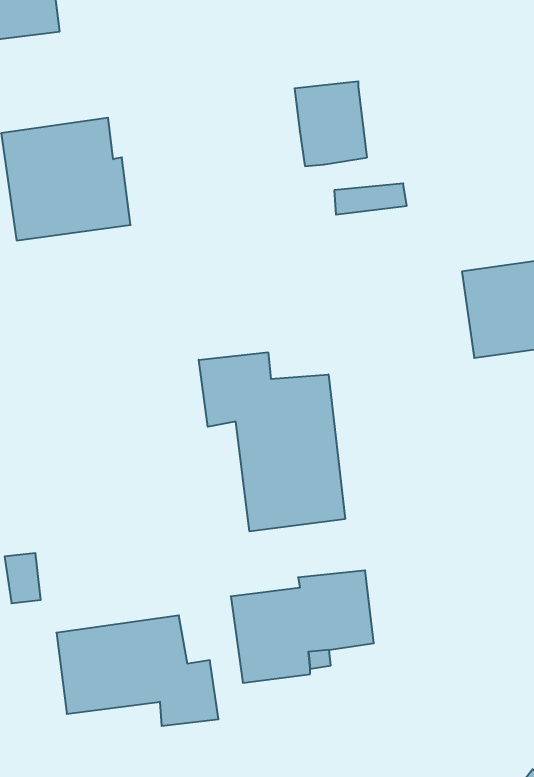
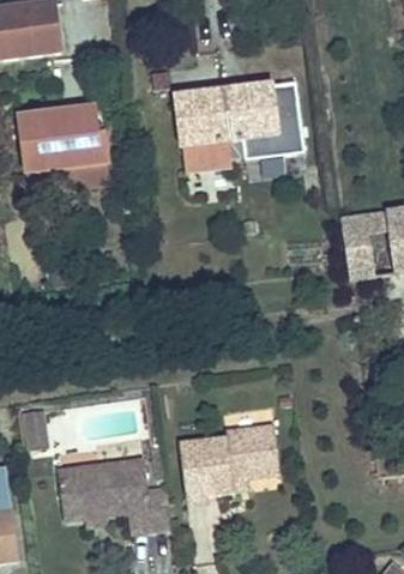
building: none -> [243,84,301,157]
building: none -> [174,89,231,171]
building: [199,352,345,531] -> none

